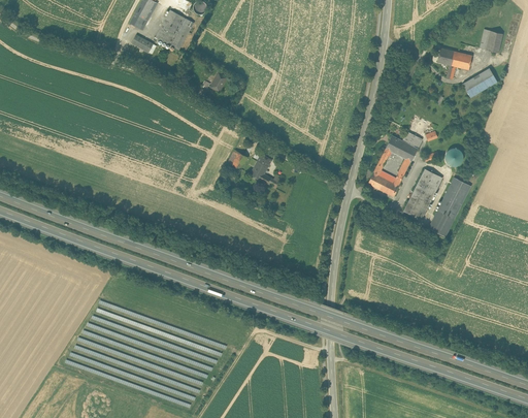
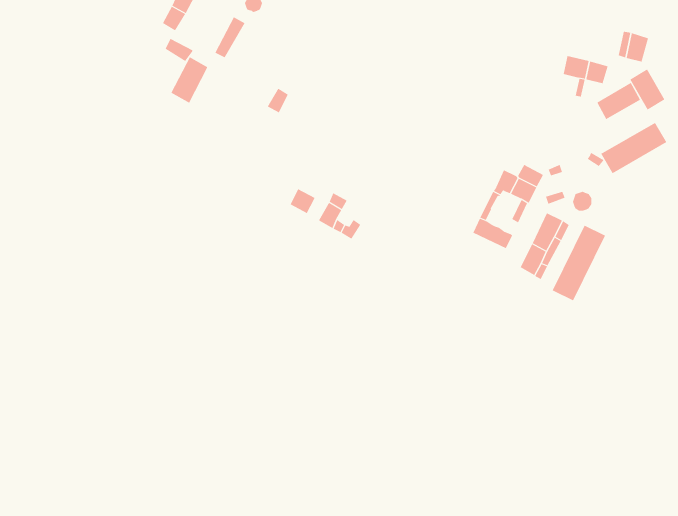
building: [156,9,185,45] -> [171,57,208,104]
building: none -> [630,69,665,111]
building: none -> [600,122,667,174]

